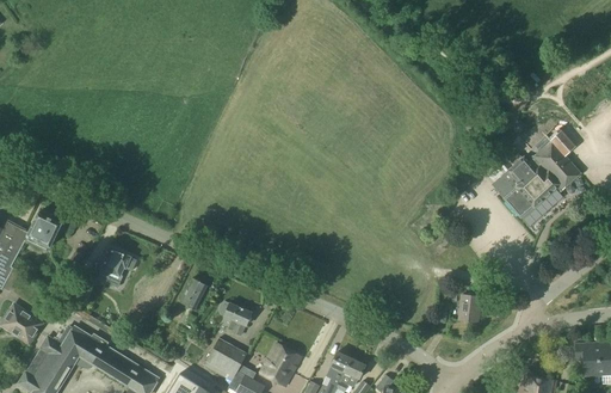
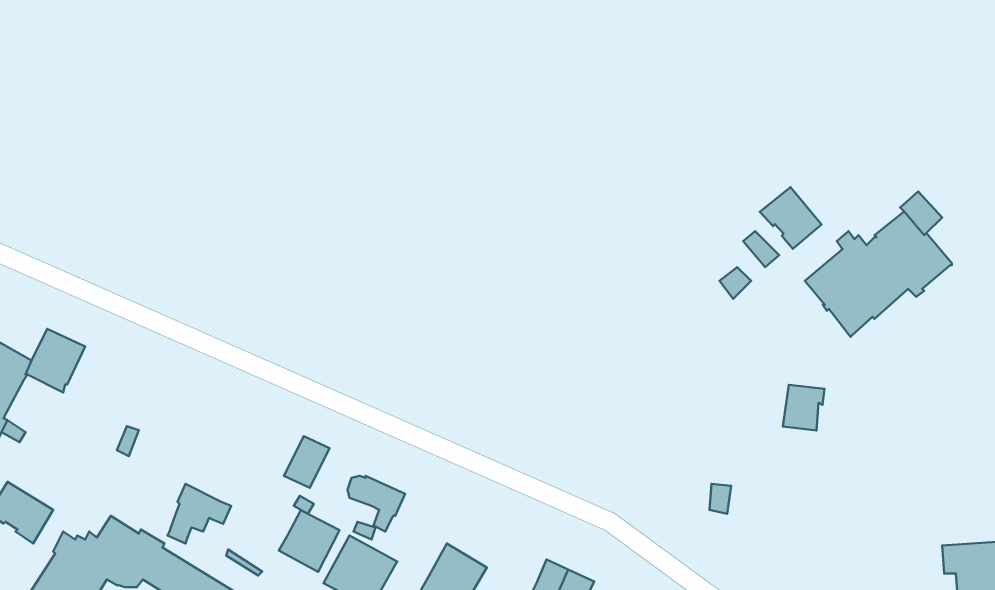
building: none -> [760,187,821,249]
building: [98,247,136,283] -> [167,484,231,544]
building: [457,295,482,323] -> [783,385,824,431]
building: none -> [279,510,340,572]

